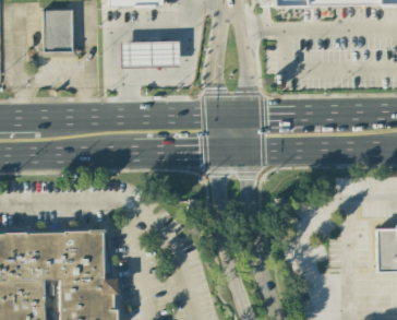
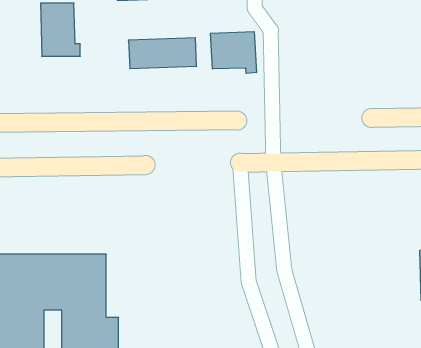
building: none -> [210,32,256,73]

